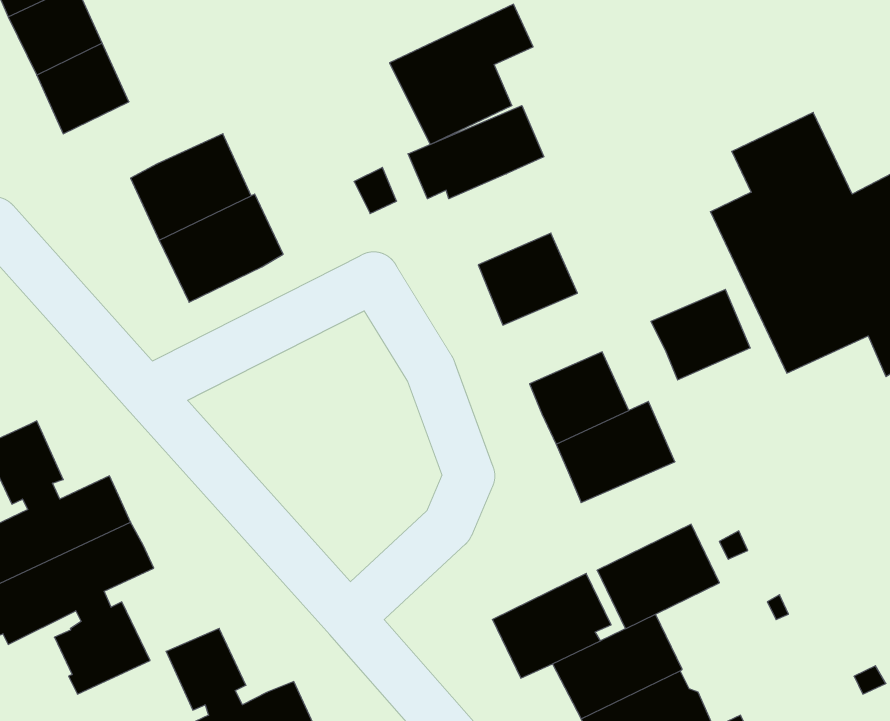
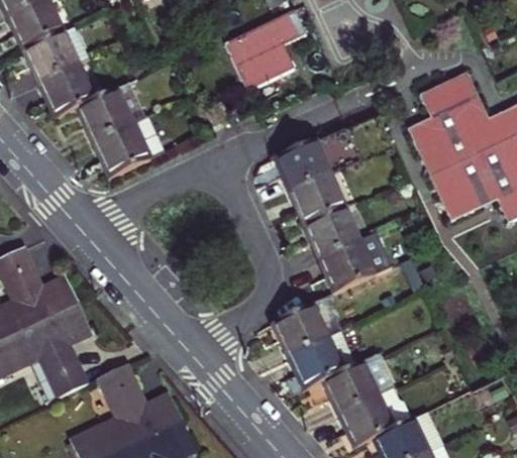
building: none -> [39,64,93,117]
building: [408,106,544,199] -> none
building: [651,289,750,380] -> [290,173,346,224]
building: [597,524,719,629] -> [268,299,337,358]

